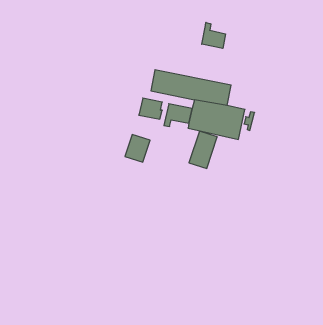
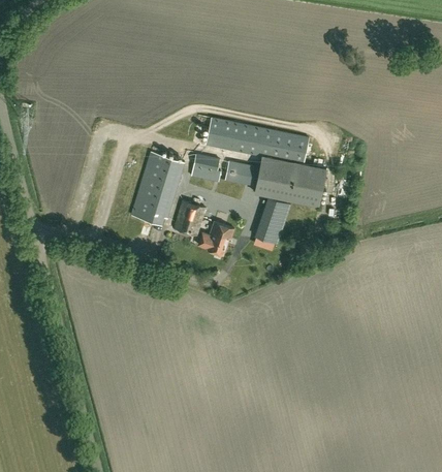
building: [202,22,225,48] -> none
building: none -> [131,152,185,224]
building: none -> [197,221,234,254]

